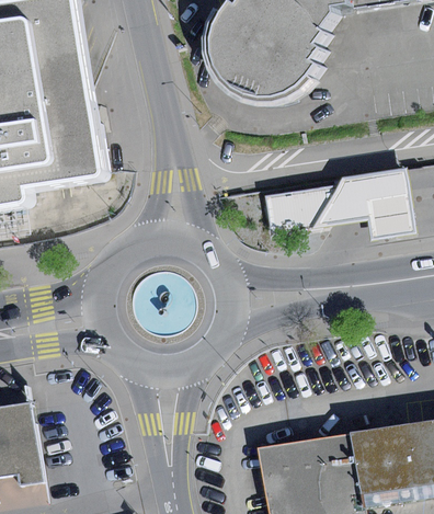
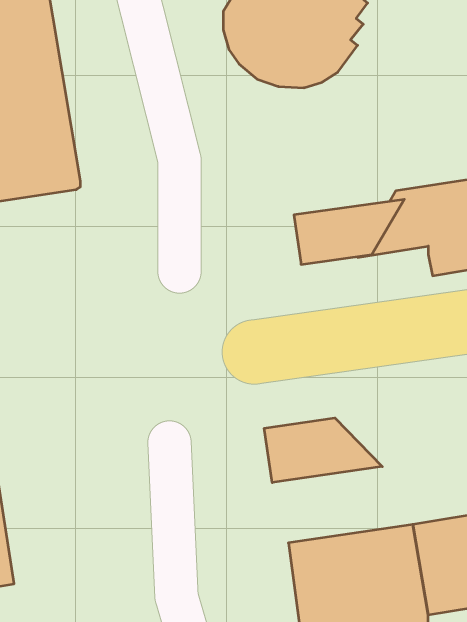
building: none -> [264,418,382,483]

